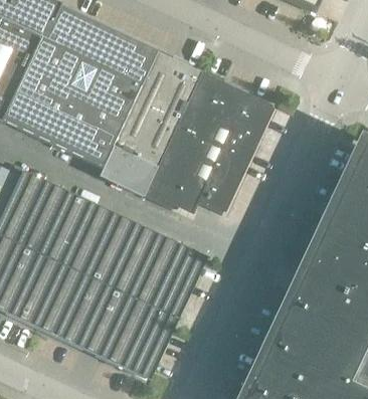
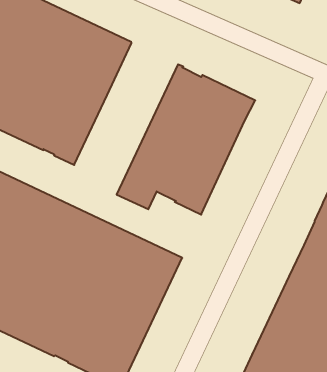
building: [101,49,199,194] -> none

